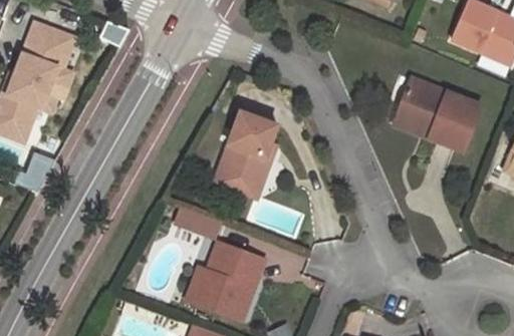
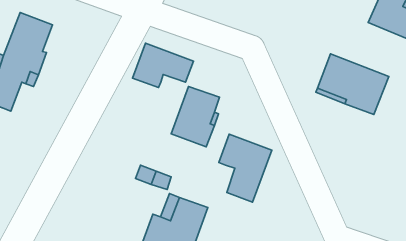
building: none -> [132,43,194,88]
building: none -> [219,134,272,202]

